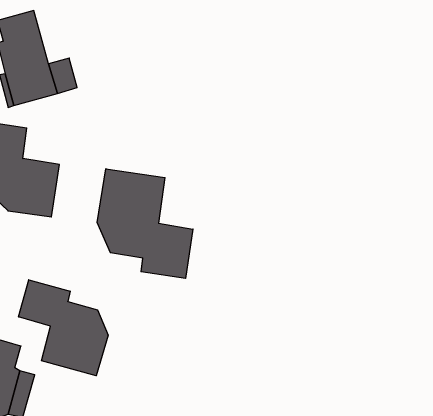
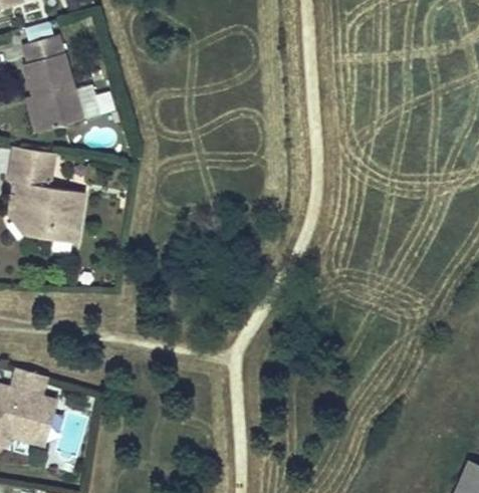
building: [97,169,193,278] -> none
building: [19,280,108,376] -> none

